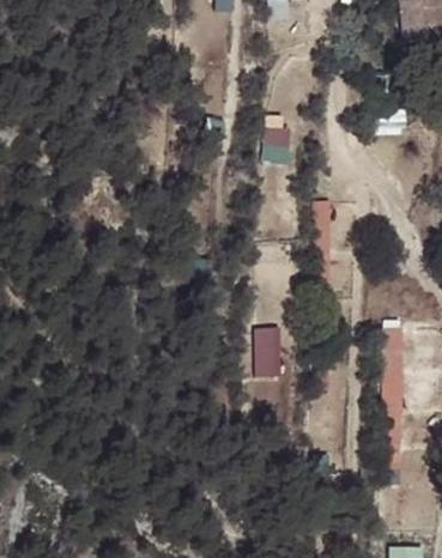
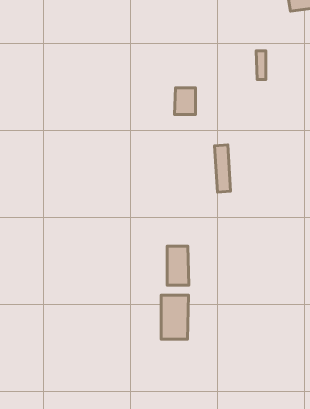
building: none -> [161,295,189,339]

